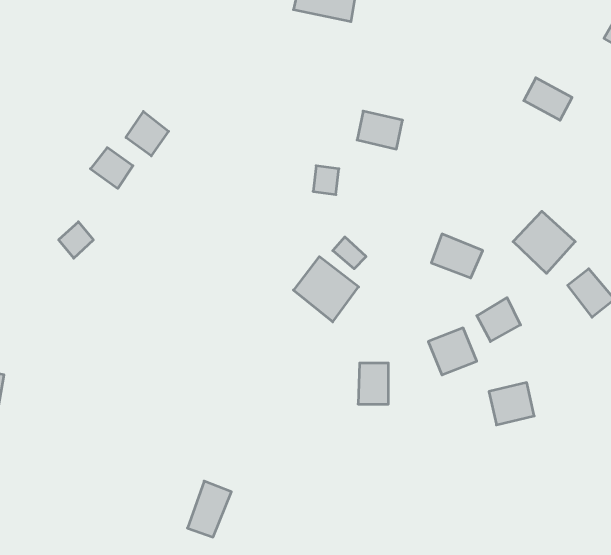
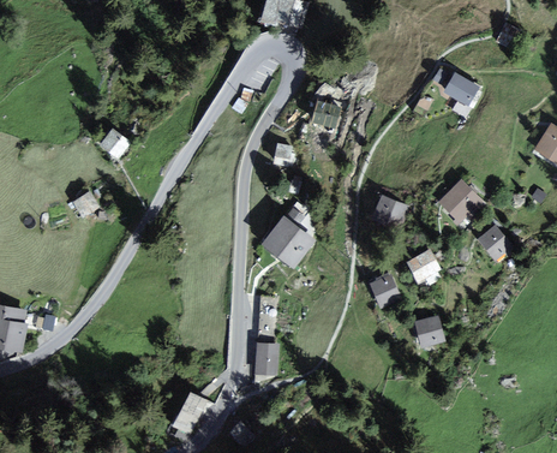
building: [126,111,169,156] -> none
building: [358,363,388,404] -> [257,342,281,375]

